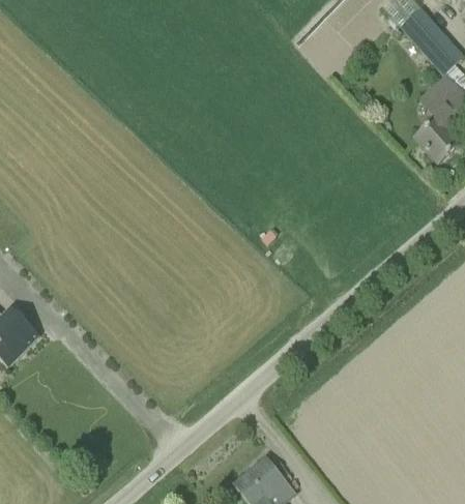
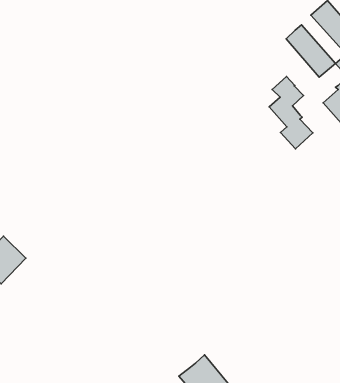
building: none -> [286,25,336,77]
building: none -> [269,77,313,149]

